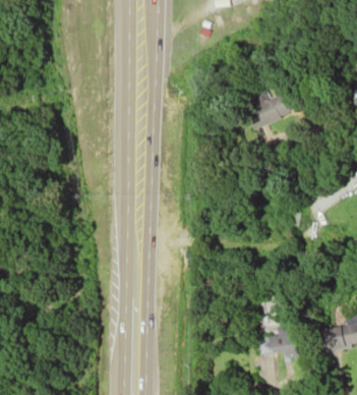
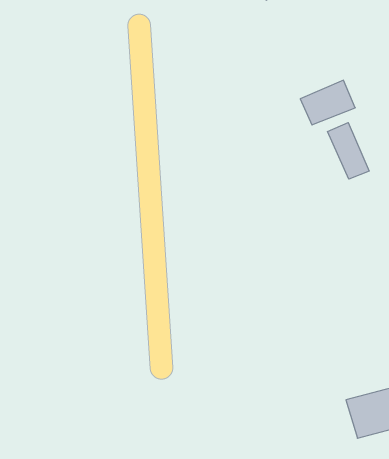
building: none -> [327,123,369,179]

